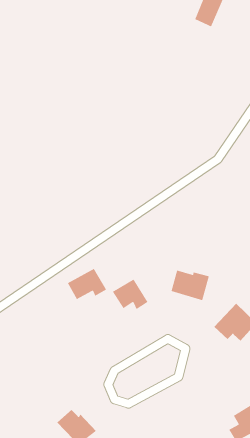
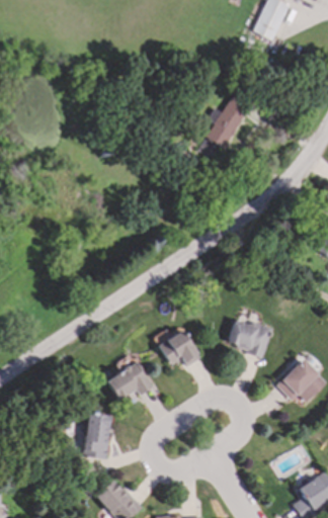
building: none -> [206,96,247,148]
building: [67,268,107,300] -> [107,362,154,400]
building: none -> [83,413,111,458]

